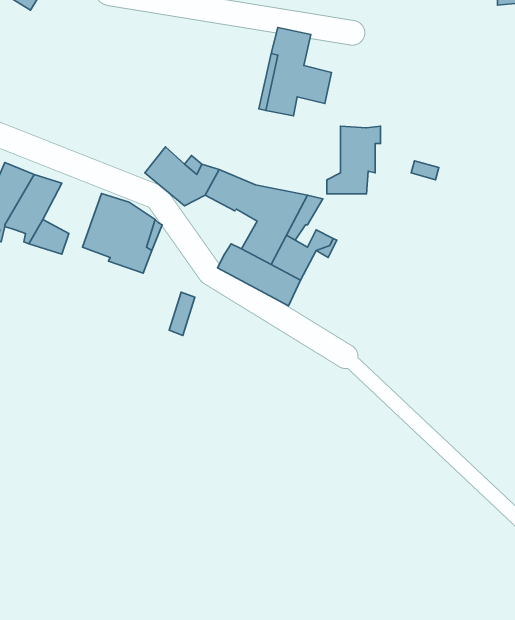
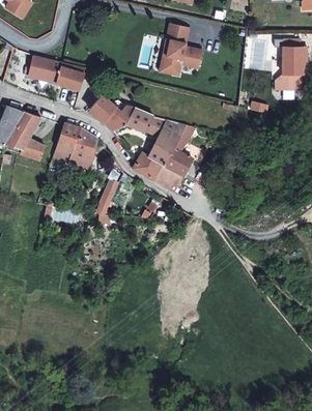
building: none -> [28,54,85,90]
building: [327,126,380,194] -> [275,48,307,88]

